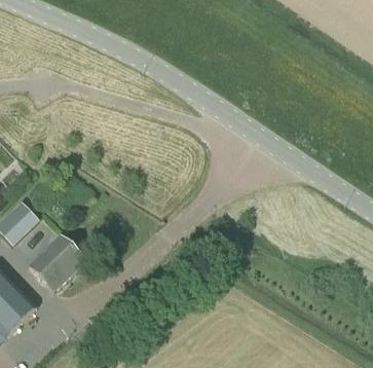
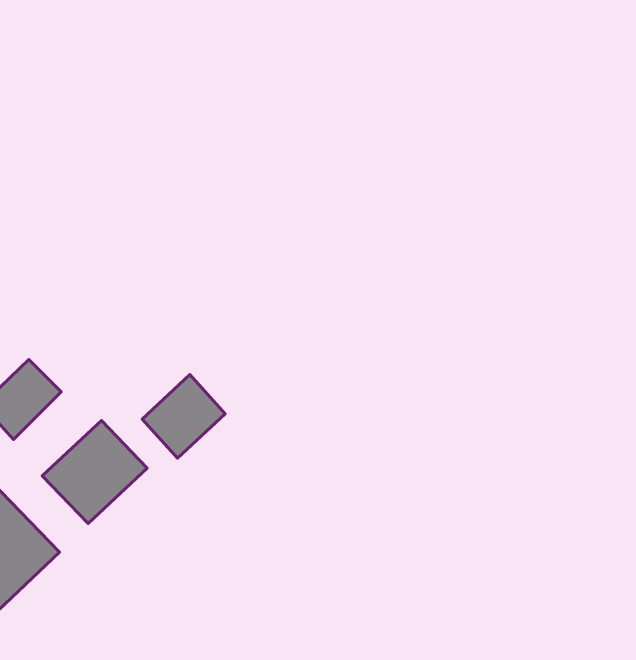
building: none -> [142,375,225,458]

